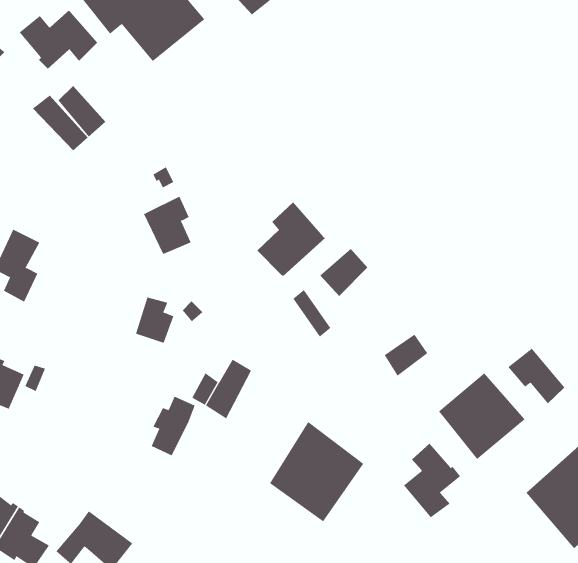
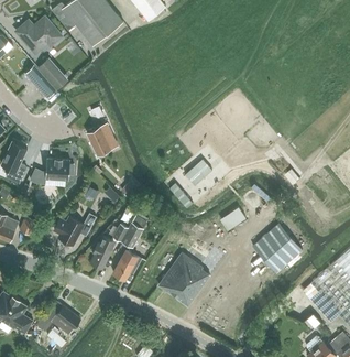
building: [256,202,326,277] -> none
building: none -> [31,156,74,183]
building: [508,347,565,404] -> none
building: none -> [53,214,96,246]
building: none -> [112,249,141,280]
building: [403,443,461,518] -> none

